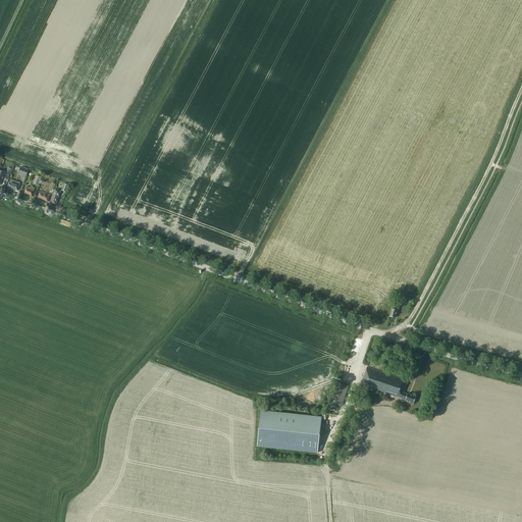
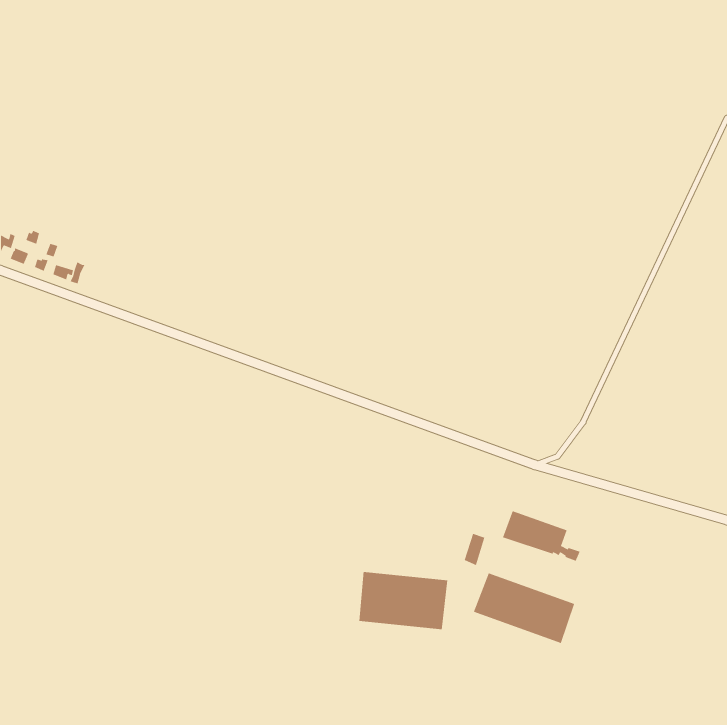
building: none -> [473,573,575,644]

